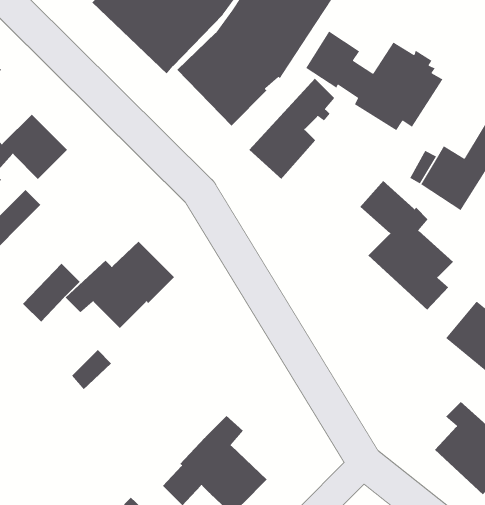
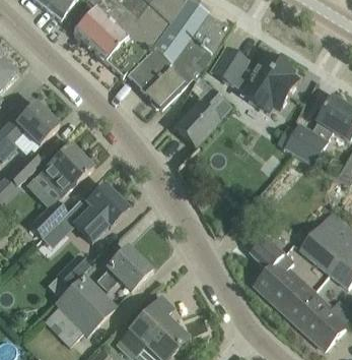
building: none -> [38,142,92,197]
building: [359,180,454,311] -> [251,235,311,319]
building: none -> [95,246,150,291]
building: none -> [43,274,115,346]

